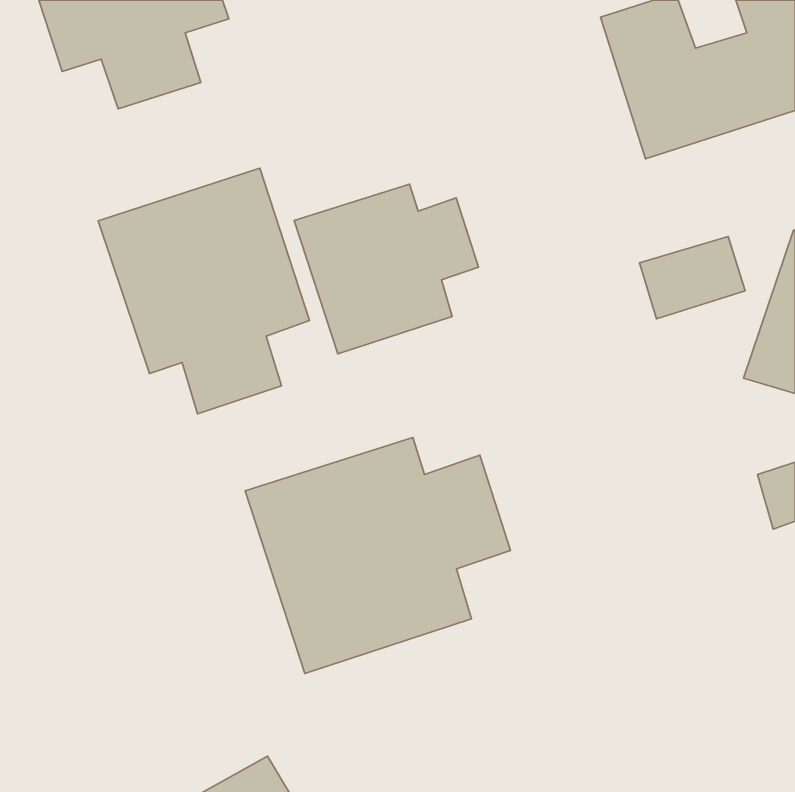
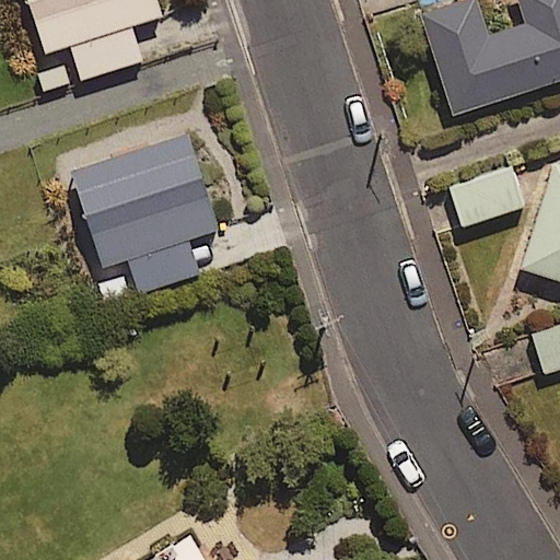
building: [294,184,478,354] -> none
building: [245,438,510,673] -> none

